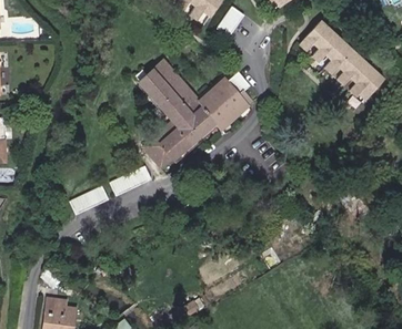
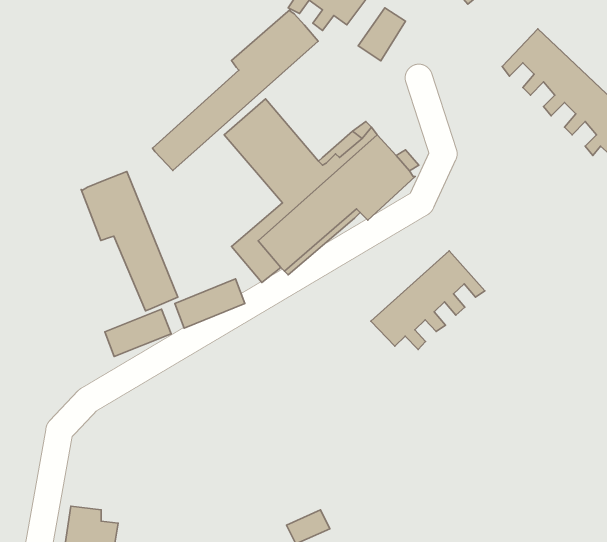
building: none -> [152,9,318,171]
building: none -> [81,171,178,311]
building: none -> [371,251,485,349]

